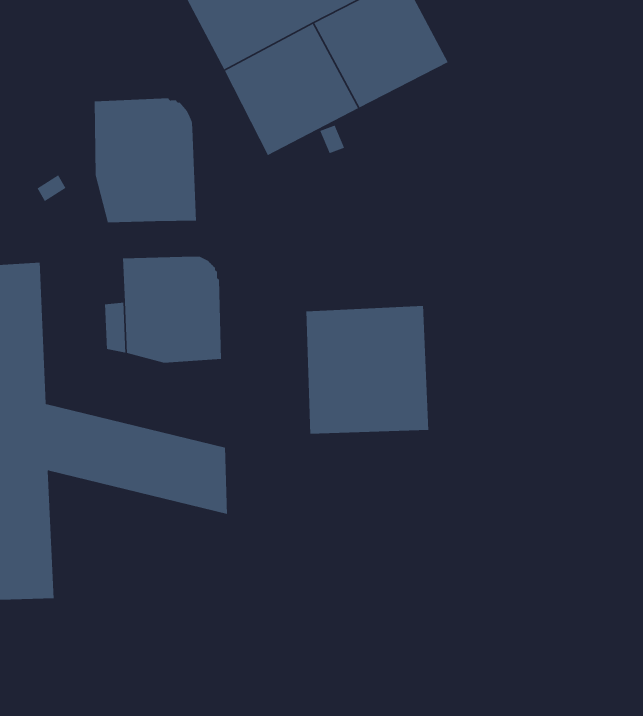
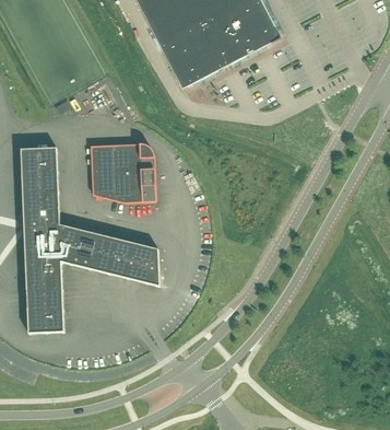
building: [94,98,197,223] -> none
building: [306,305,429,434] -> none

